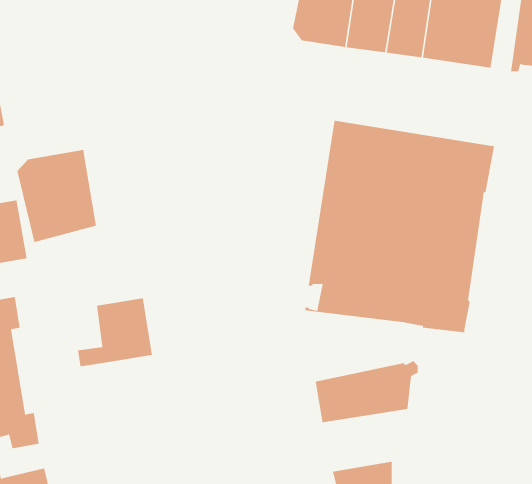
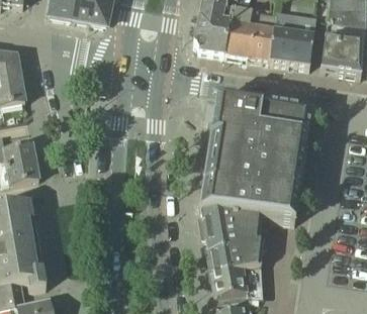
building: [17,149,96,243] -> none
building: [78,297,153,367] -> none
building: none -> [199,208,269,249]
building: none -> [210,266,262,302]

